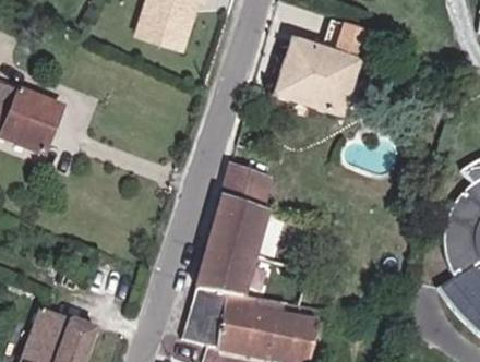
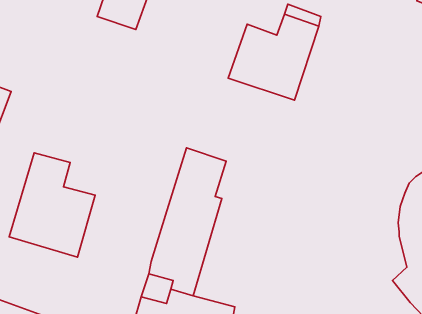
building: none -> [9,153,95,257]

